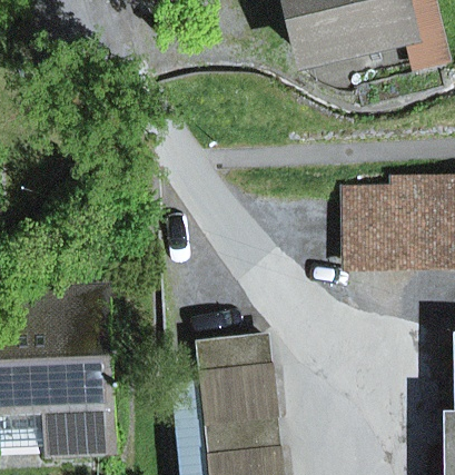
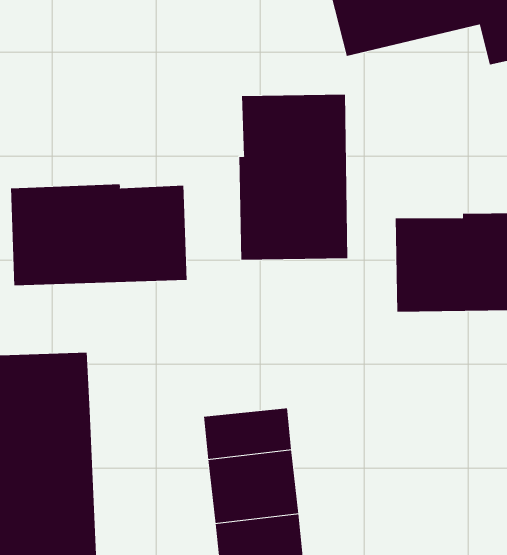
building: none -> [239,94,348,261]
building: none -> [11,184,187,286]

